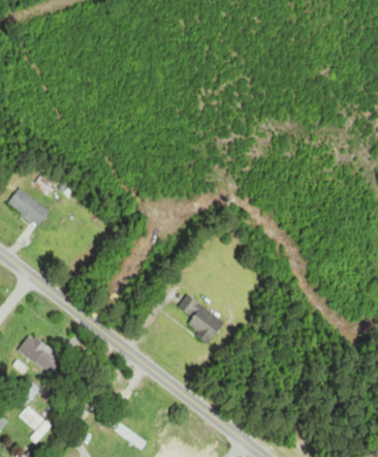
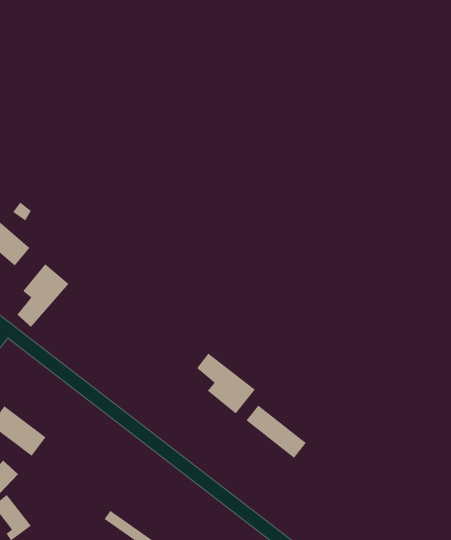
building: none -> [17,263,69,328]
building: none -> [245,405,307,459]

